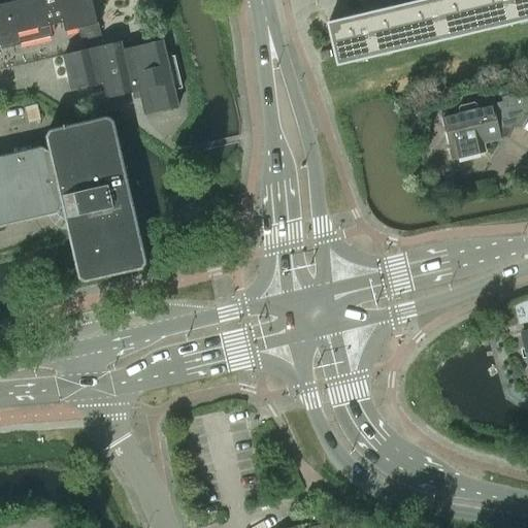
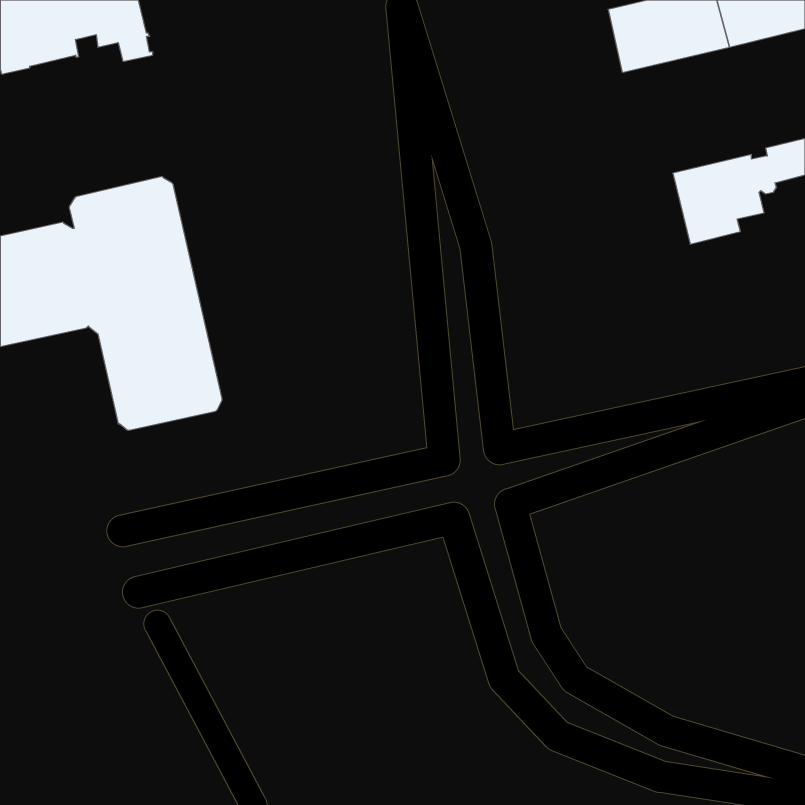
building: [327,6,407,64] -> none
building: [63,38,182,113] -> none

